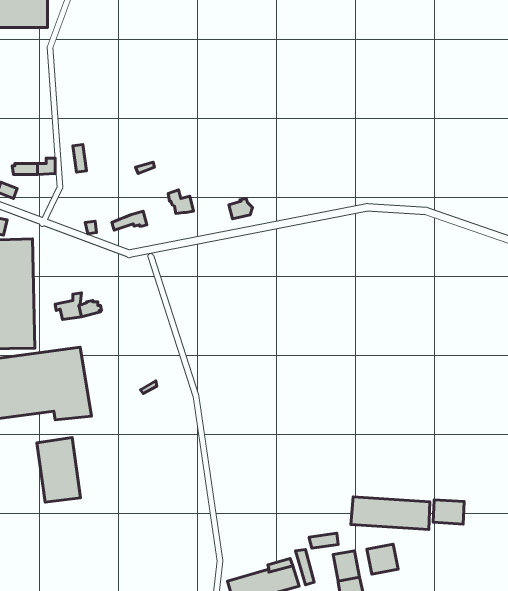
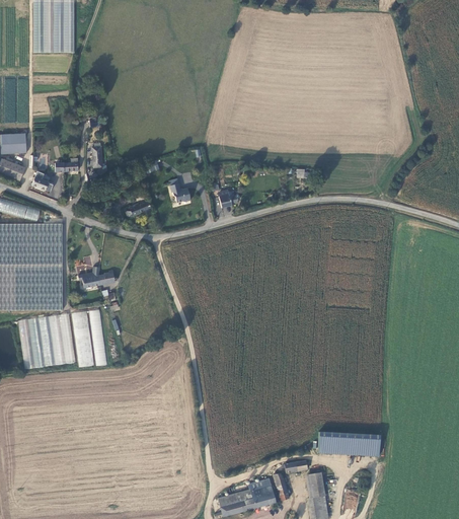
building: [37,438,80,502] -> none
building: [433,500,464,524] -> none
building: [367,544,398,574] -> none

